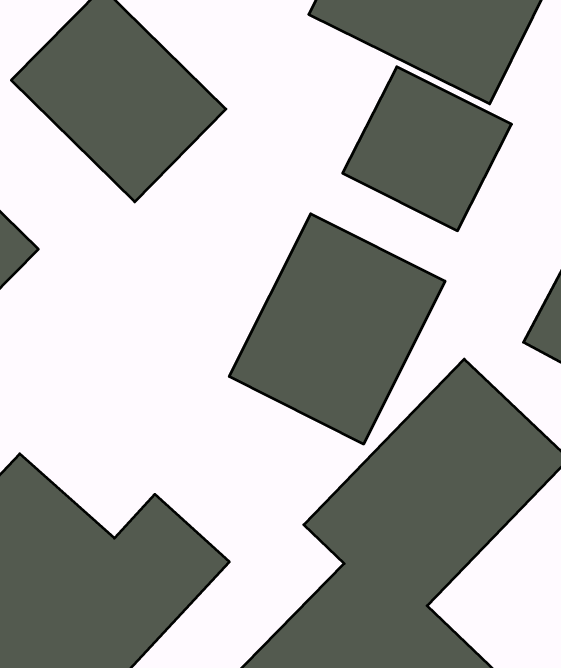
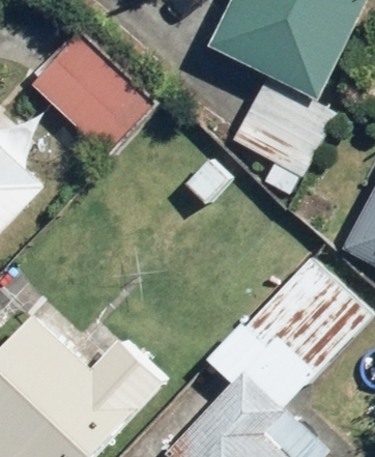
building: [229,214,445,444] -> none

